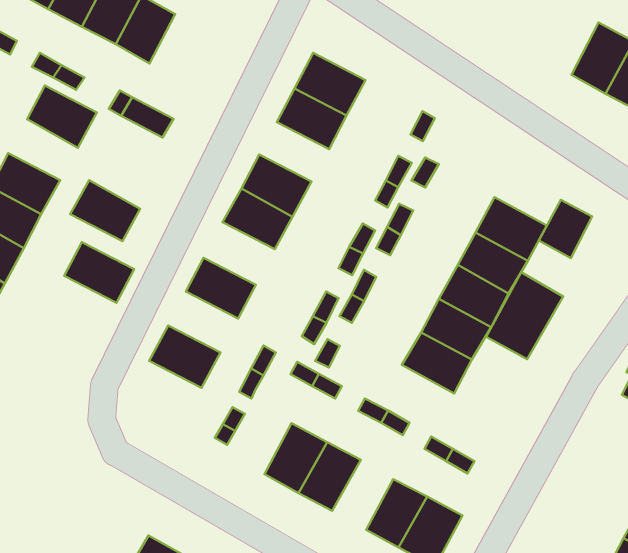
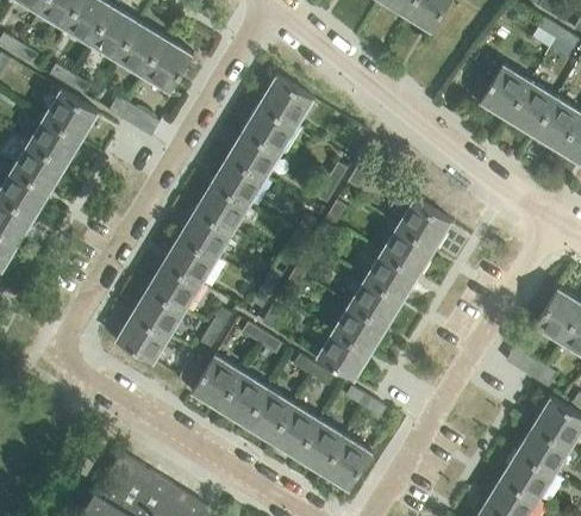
building: none -> [143,39,193,93]
building: none -> [226,130,282,179]
building: [70,180,140,241] -> [26,117,82,167]
building: [539,200,592,258] -> none
building: none -> [177,207,235,259]
building: [64,242,134,303] -> [146,261,202,311]
building: [486,272,563,359] -> none
building: none -> [114,315,170,365]
building: none -> [314,329,371,381]
building: none -> [190,355,240,410]
building: none -> [269,403,319,459]

